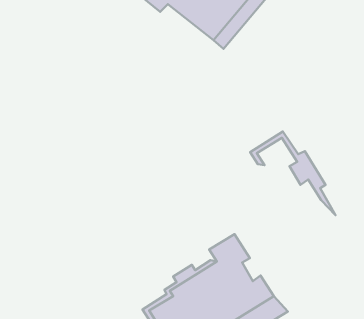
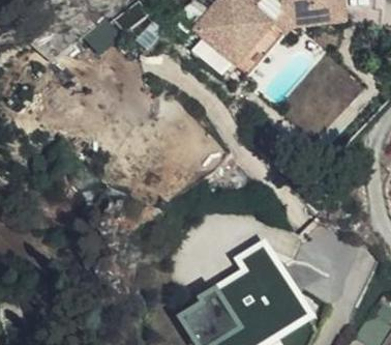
building: [250,131,335,215] -> [231,242,311,322]

